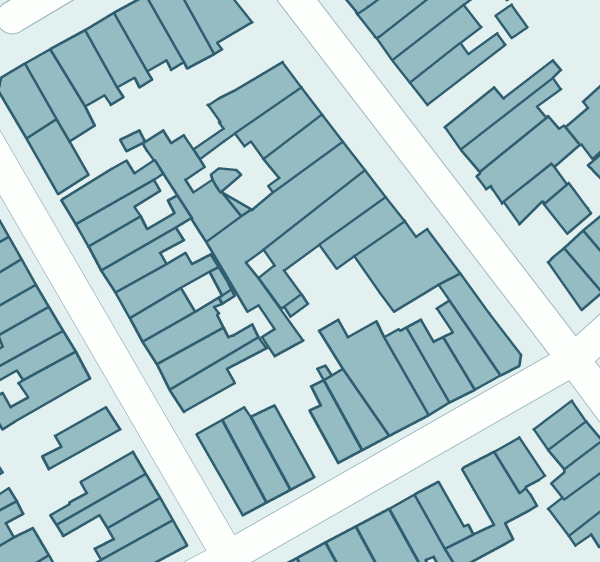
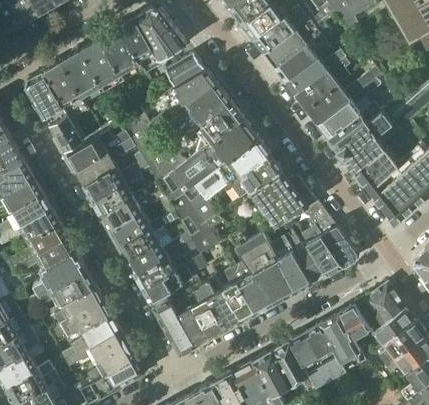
building: none -> [166,56,206,89]
building: none -> [297,61,350,112]
building: none -> [355,159,385,192]
building: none -> [144,268,192,305]
building: none -> [38,270,95,308]
building: none -> [201,279,241,332]
building: none -> [56,302,112,336]
building: none -> [304,327,339,368]

